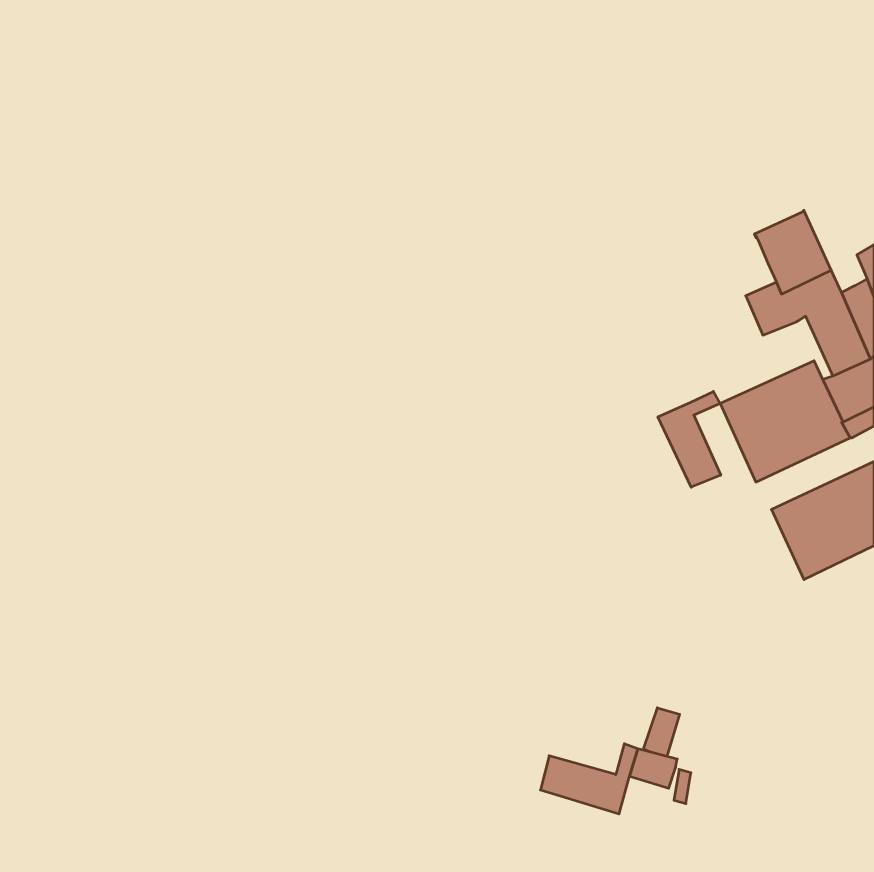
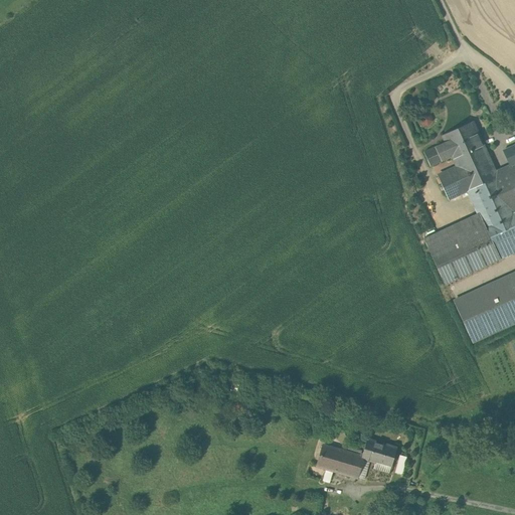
building: none -> [424,141,452,165]
building: [658,391,721,487] -> none
building: [644,708,680,756] -> none

